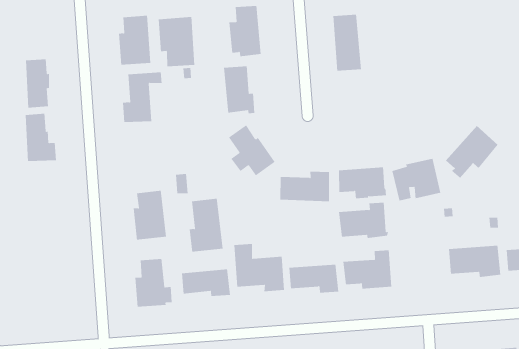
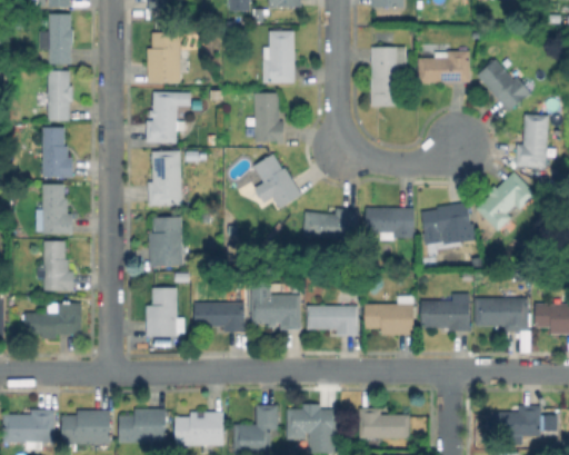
building: none -> [49,14,72,65]
building: none -> [418,50,469,83]
building: [158,16,195,67] -> none
building: none -> [477,60,531,111]
building: none -> [515,115,548,168]
building: none -> [42,185,72,235]
building: [189,198,223,252] -> [147,152,181,207]
building: [338,202,389,238] -> [420,295,471,332]
building: none -> [37,241,73,290]
building: none -> [23,304,80,338]

